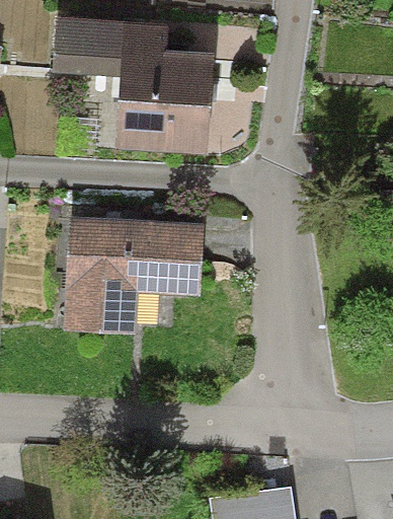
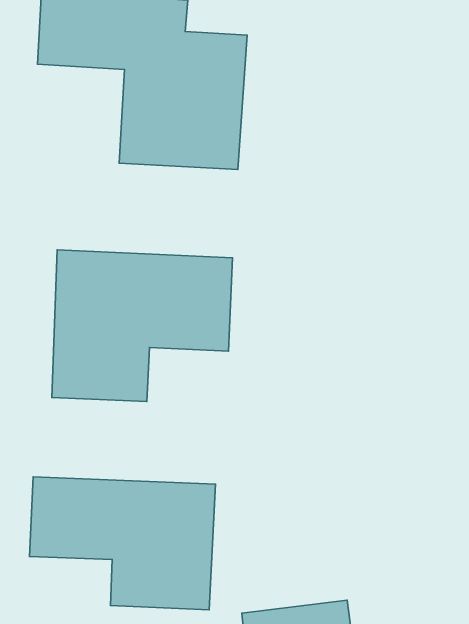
building: none -> [30,477,216,610]

